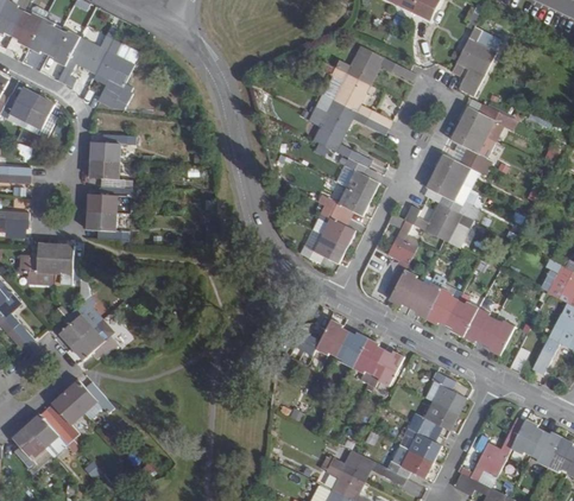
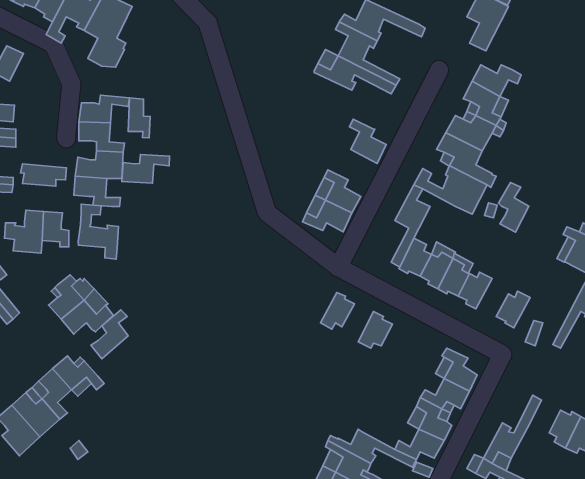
building: [24,96,53,138] -> none
building: [307,113,371,167] -> none
building: none -> [128,98,150,138]
building: [323,186,370,215] -> none
building: none -> [122,155,169,183]
building: none -> [20,164,66,186]
building: none -> [499,183,529,232]
building: none -> [78,204,119,259]
building: [462,307,493,343] -> none
building: [334,331,366,367] -> none
building: none -> [91,310,128,359]
building: [373,350,403,385] -> none
building: [511,419,542,454] -> none

